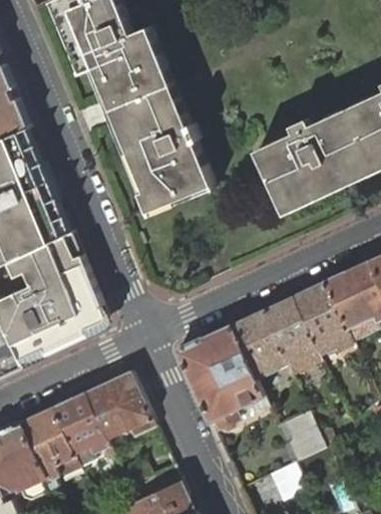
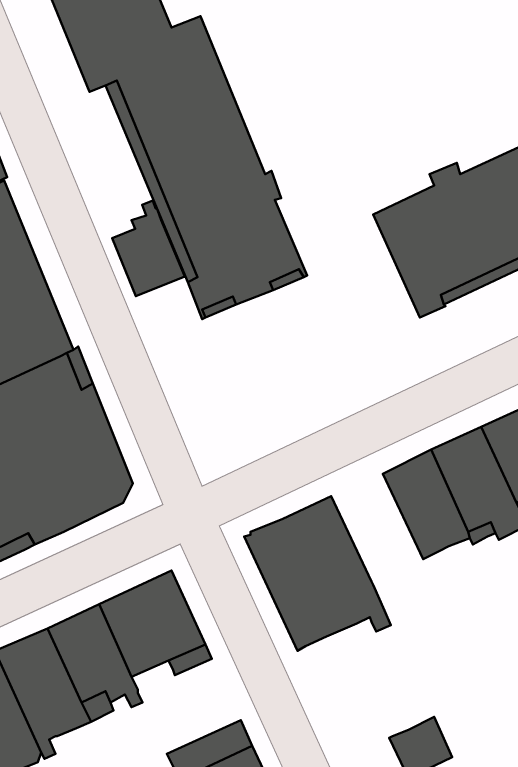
building: none -> [112,200,185,296]
building: [227,312,284,381] -> none
building: [281,413,321,463] -> none

